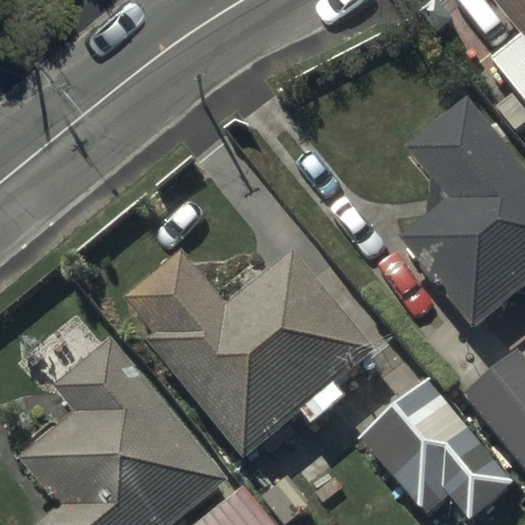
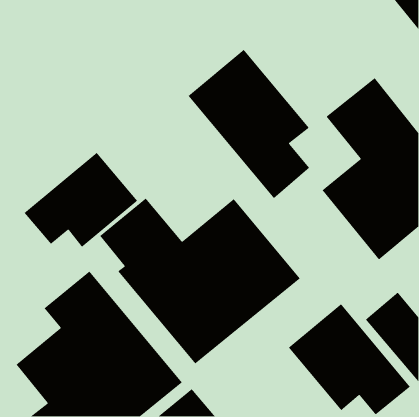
building: none -> [188,49,310,199]
building: none -> [23,152,138,248]

